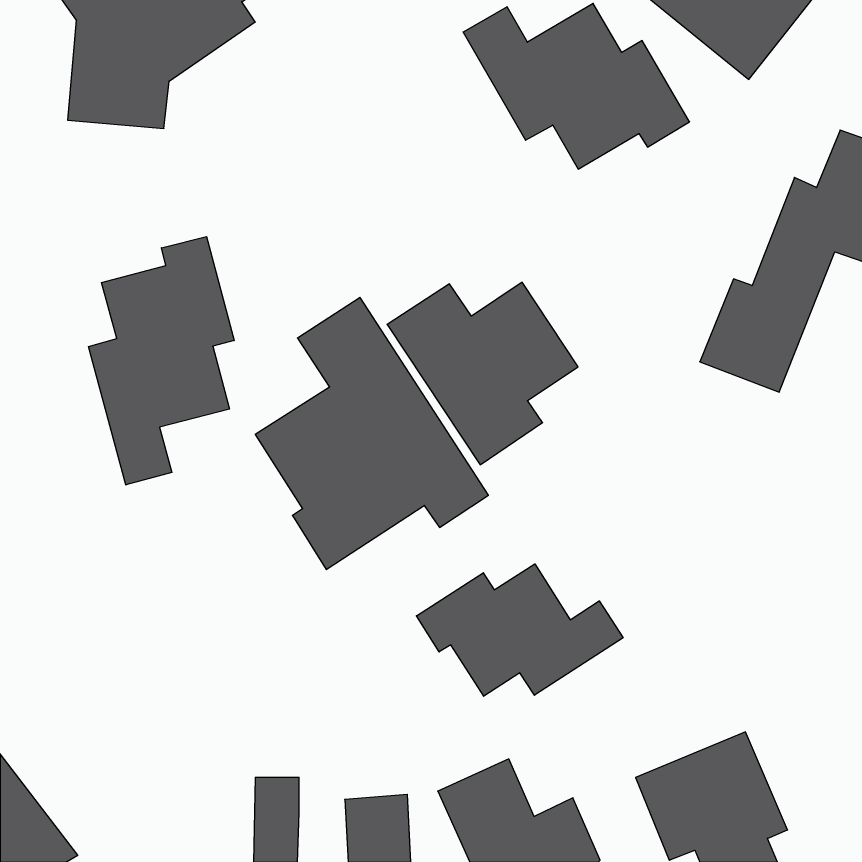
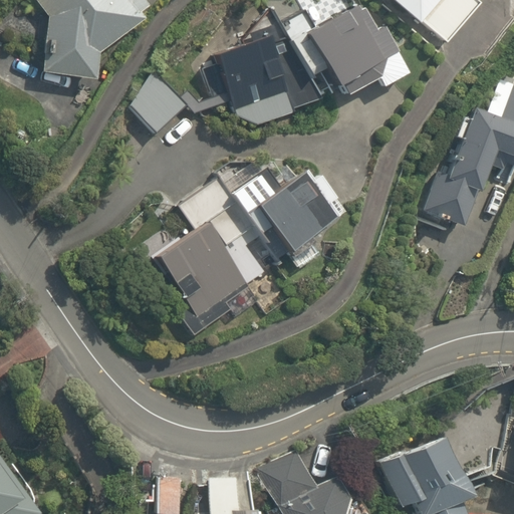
building: none -> [128,36,319,137]
building: [89,237,234,485] -> none
building: [416,564,623,696] -> none

